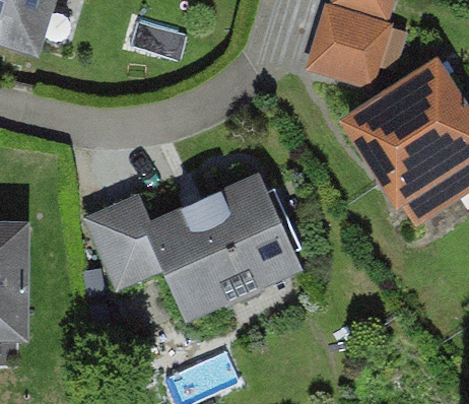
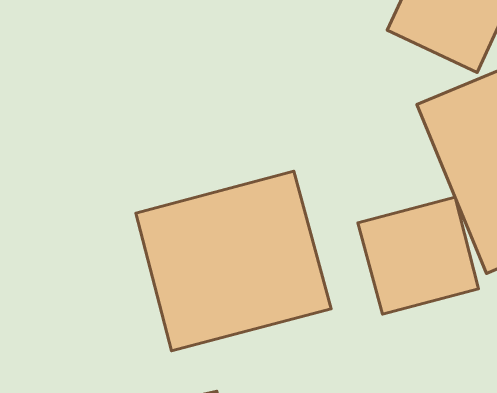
building: none -> [358,197,478,314]
building: [85,197,168,291] -> none

